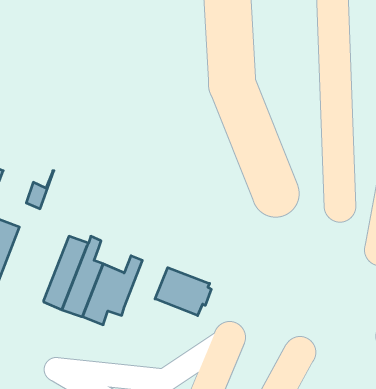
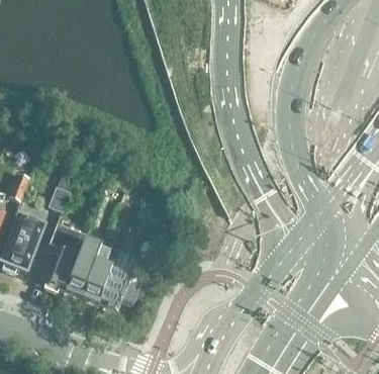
building: none -> [46,218,88,286]
building: [155,268,211,316] -> none

